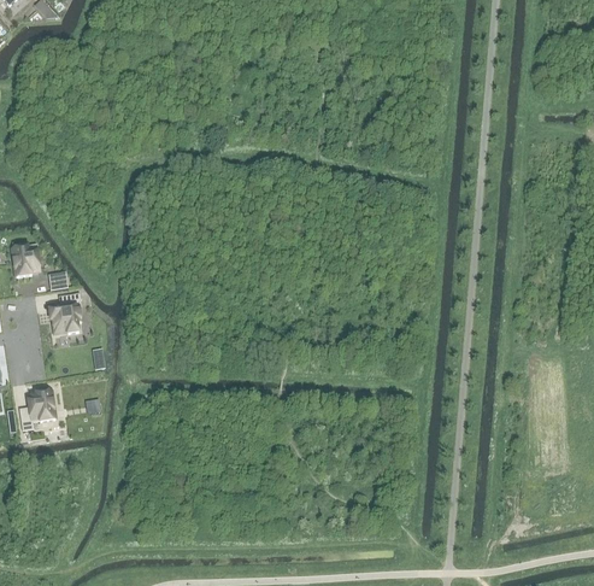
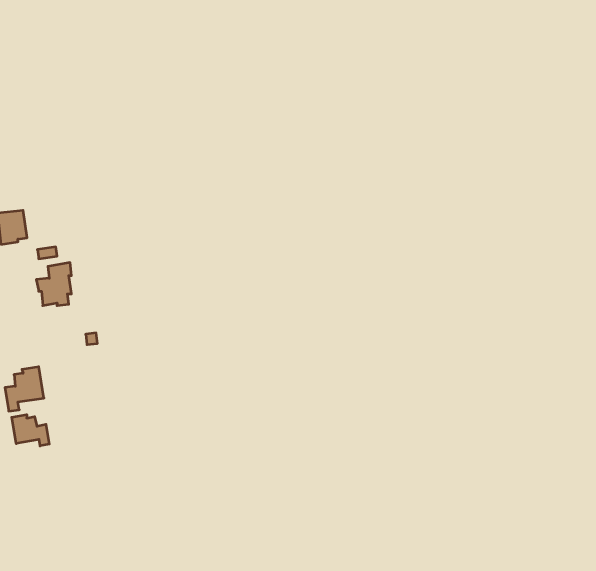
building: none -> [12,415,49,446]

